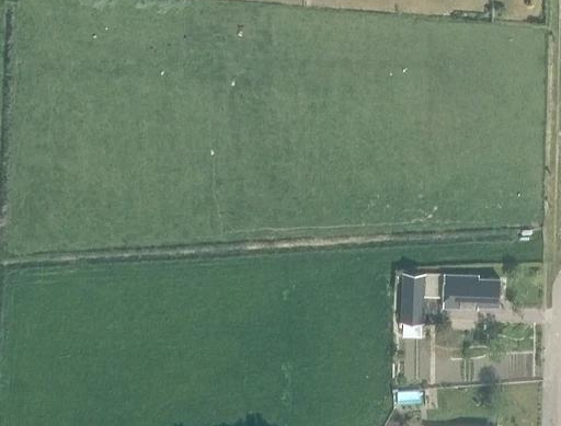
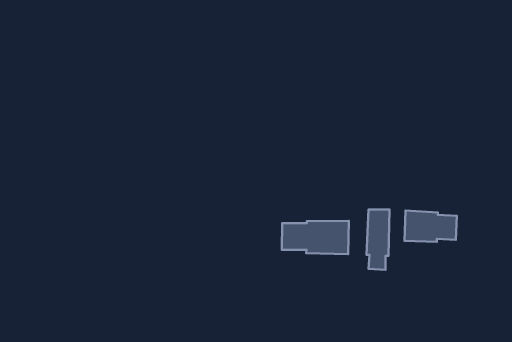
building: none -> [282,221,349,254]

